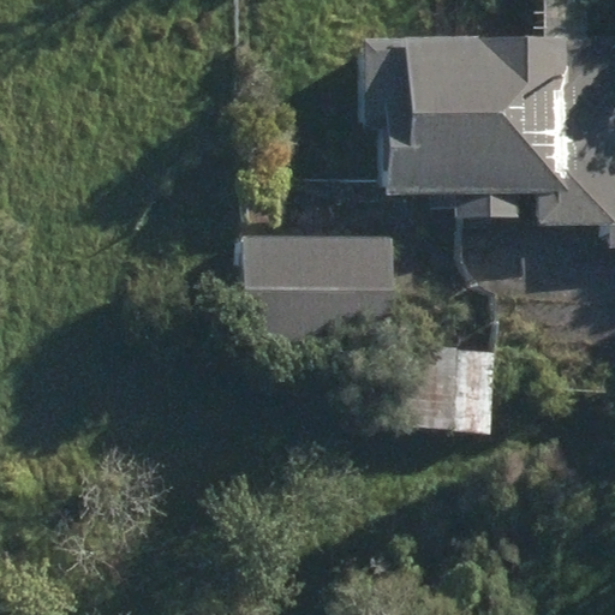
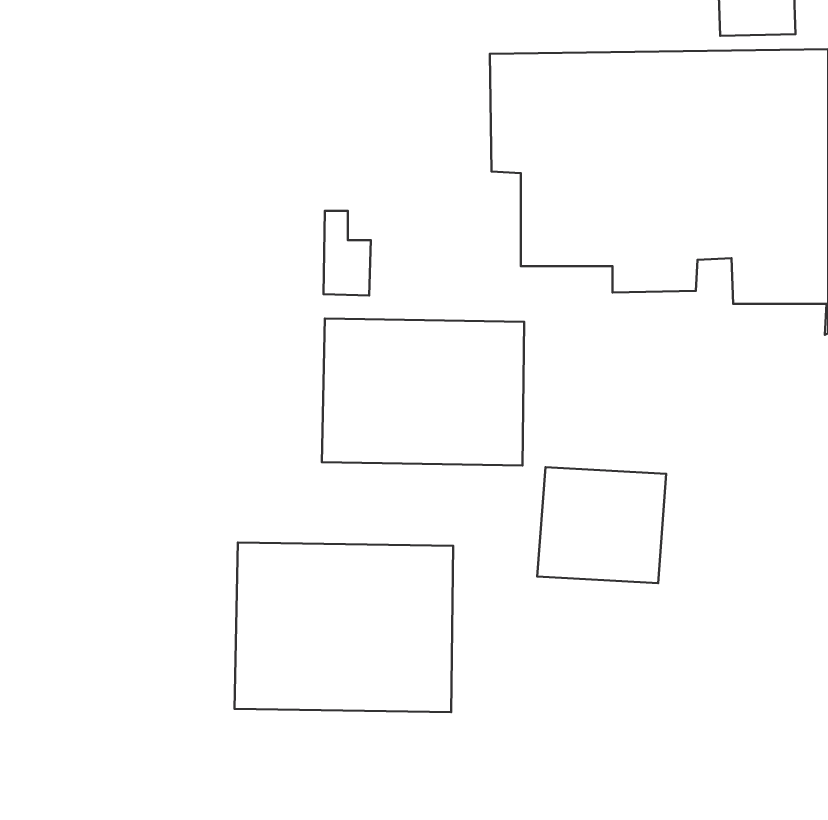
building: none -> [235,542,453,712]

